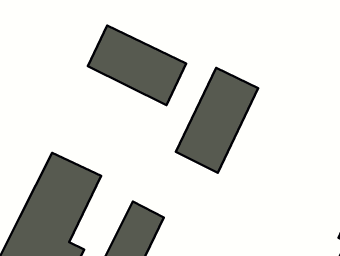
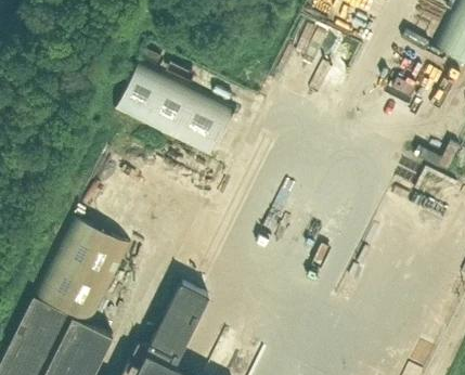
building: [176,68,258,173] -> none

